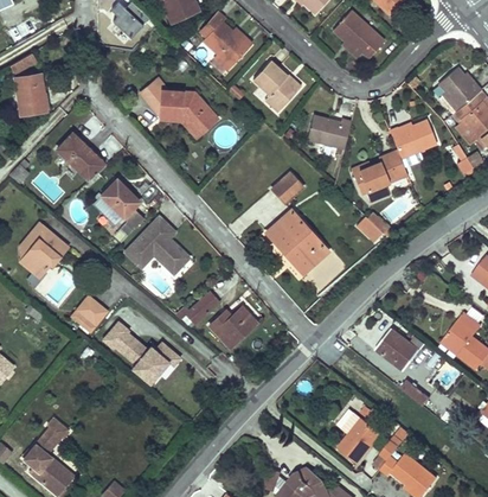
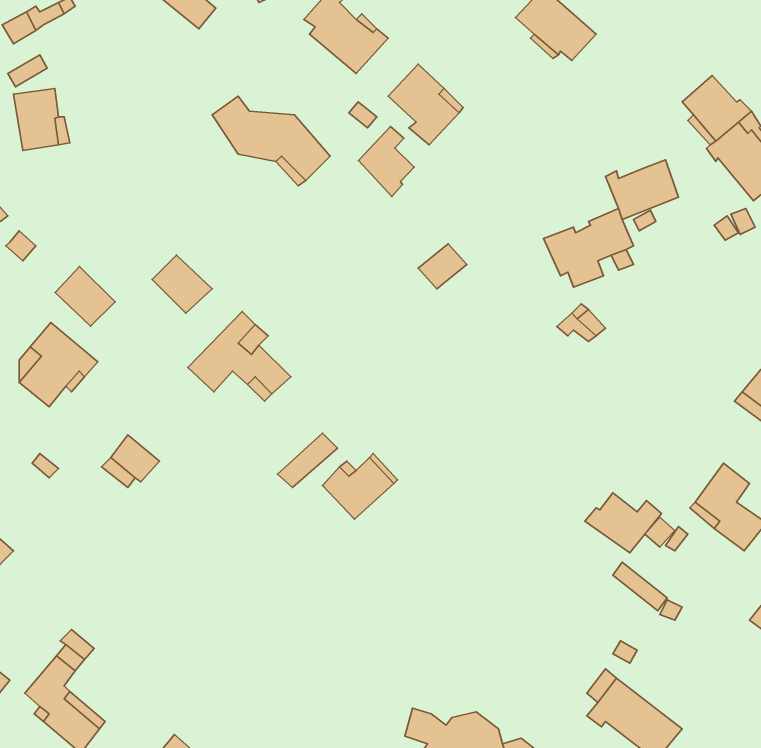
building: none -> [358,126,414,197]
building: [307,114,349,147] -> none
building: [57,133,95,171] -> [55,266,115,326]
building: [265,209,326,272] -> none
building: [101,320,181,390] -> none
building: [334,420,379,467] -> none

